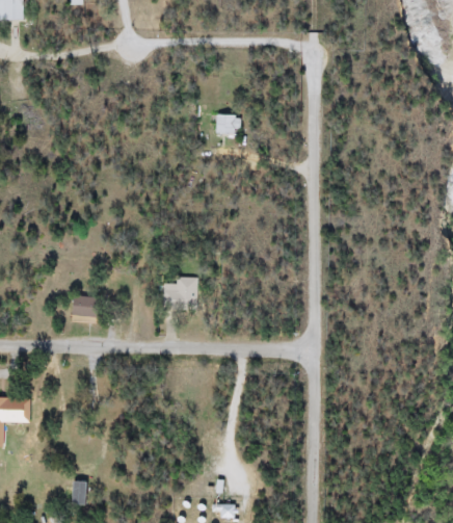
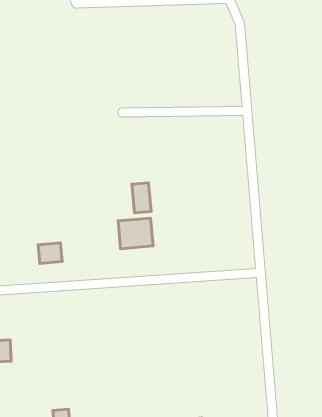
building: [213,114,240,133] -> none
building: none -> [132,183,151,213]

